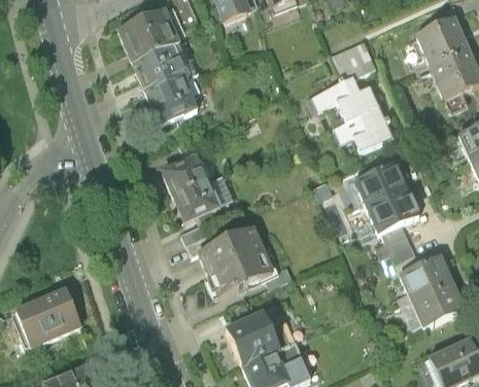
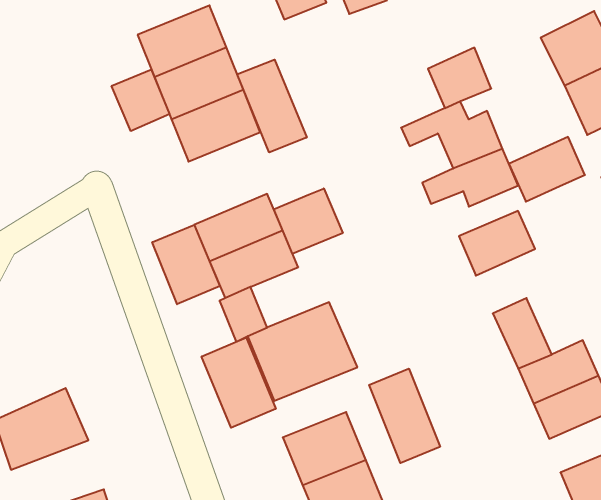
building: none -> [237,60,307,152]
building: none -> [112,70,169,131]
building: none -> [274,188,343,254]
building: none -> [152,225,220,304]
building: [365,187,420,235] -> [509,137,585,202]
building: none -> [202,337,276,428]
building: none -> [369,369,440,463]

